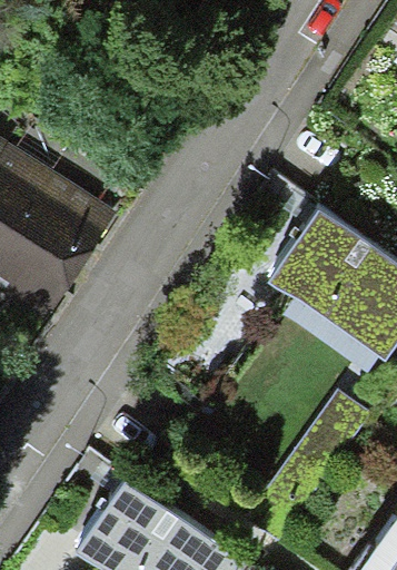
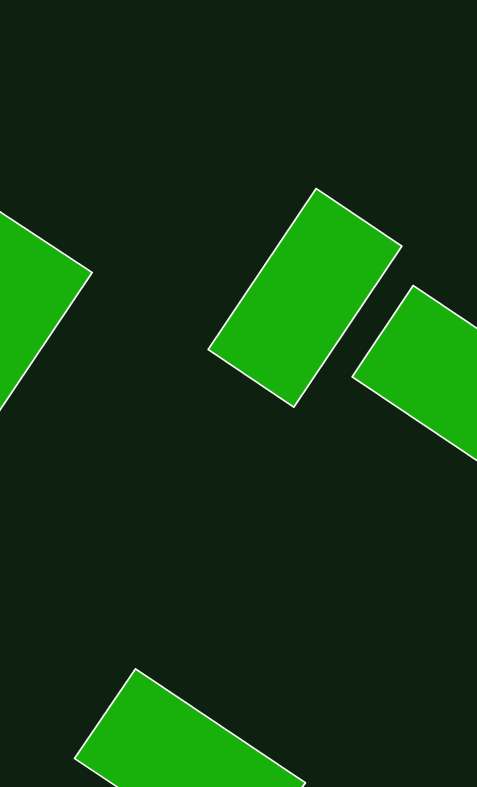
building: none -> [208,188,402,407]

